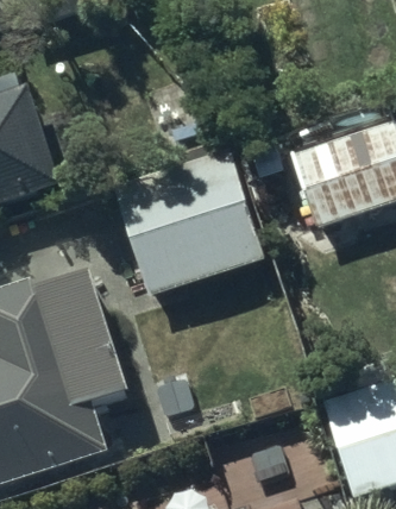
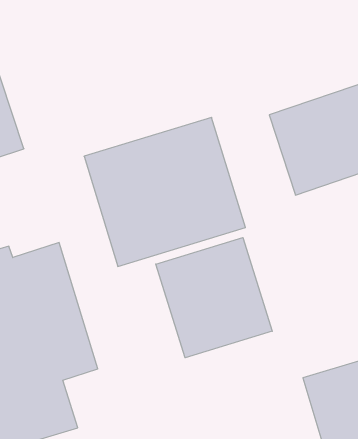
building: none -> [156,238,272,358]

